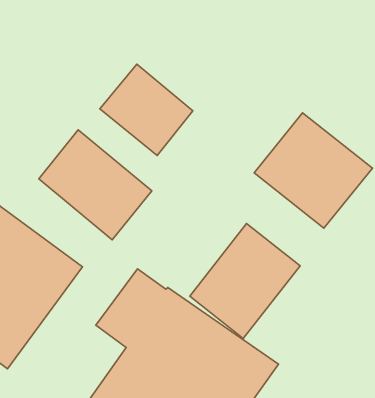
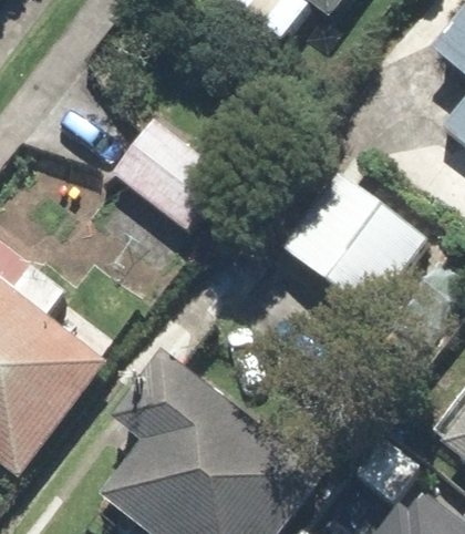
building: [39,130,152,240] -> none
building: [190,224,300,339] -> none

